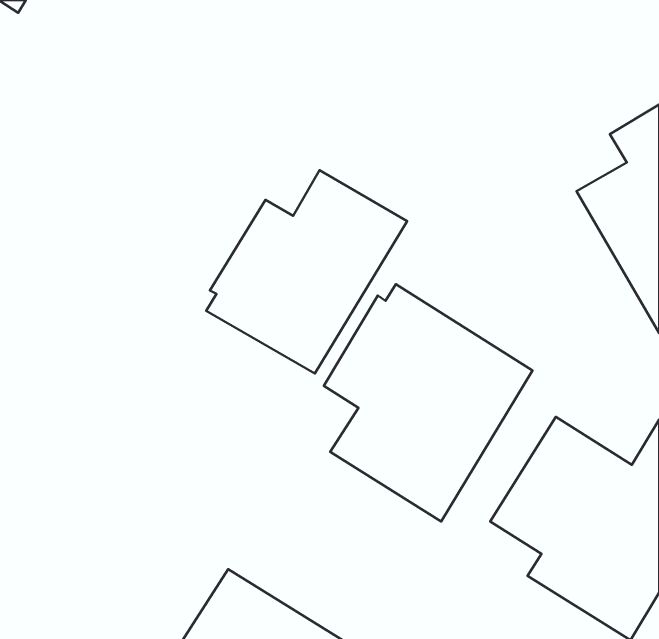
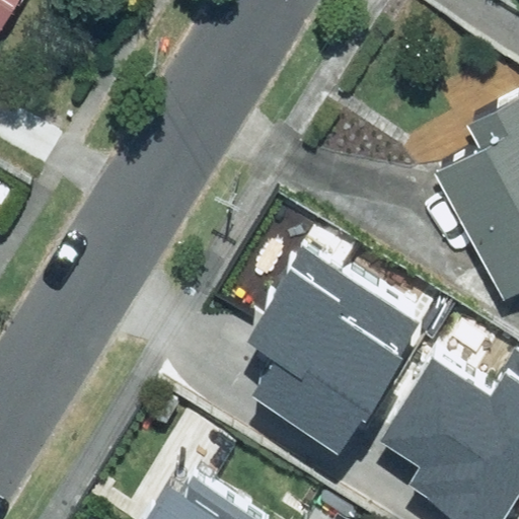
building: [206,170,407,374] -> none

